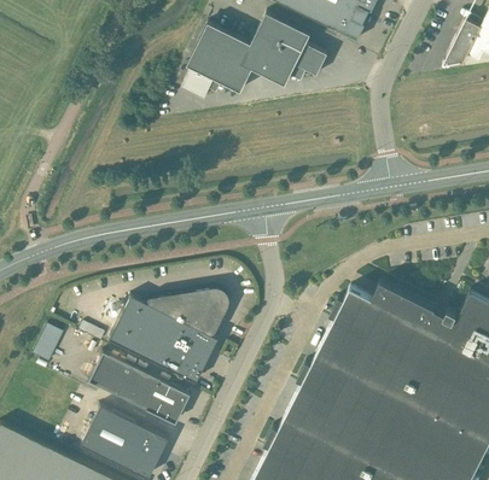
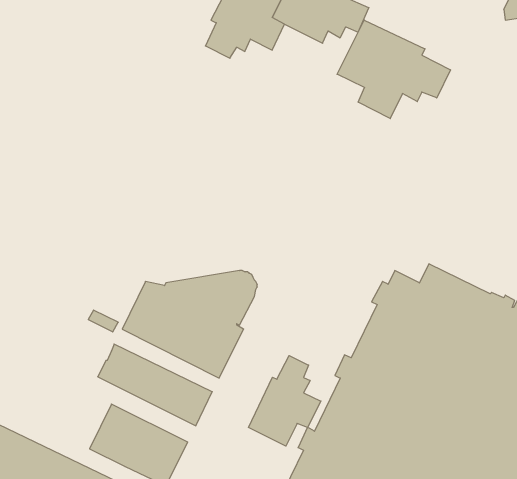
building: none -> [337,20,450,119]
building: [34,326,64,363] -> none
building: none -> [249,356,321,446]

